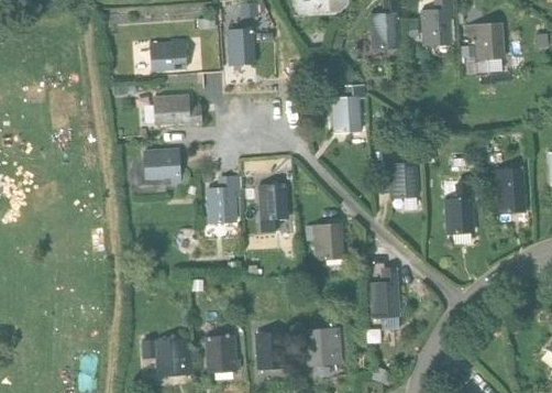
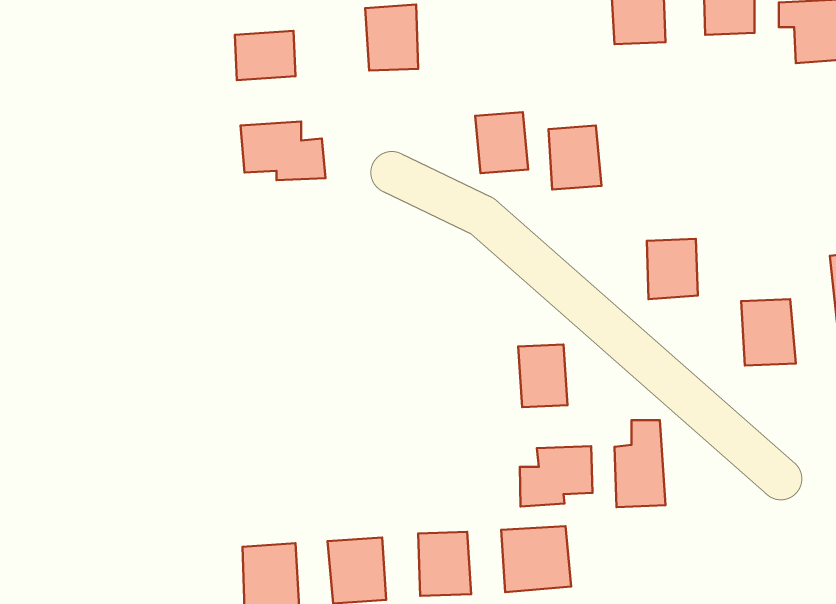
building: none -> [475,112,528,173]
building: [142,146,181,185] -> none
building: [206,173,238,221] -> none
building: [260,183,288,218] -> none
building: none -> [520,446,592,506]

